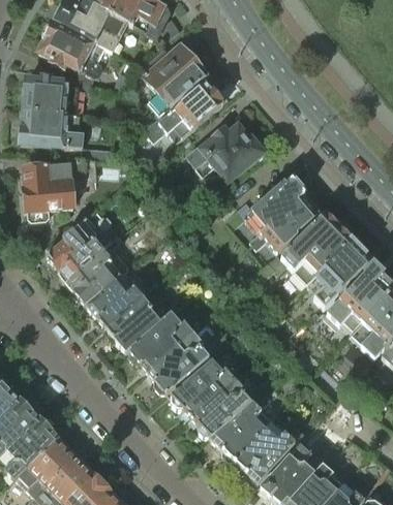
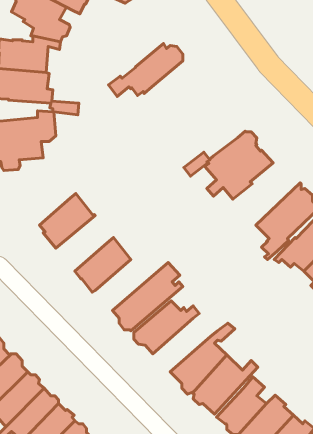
building: [141,48,206,112] -> none
building: [185,123,265,184] -> none
building: [251,214,350,283] -> none
building: [47,219,113,280] -> none
building: [87,270,149,329] -> none
building: [129,310,215,372] -> none
building: [191,380,253,438] -> none

